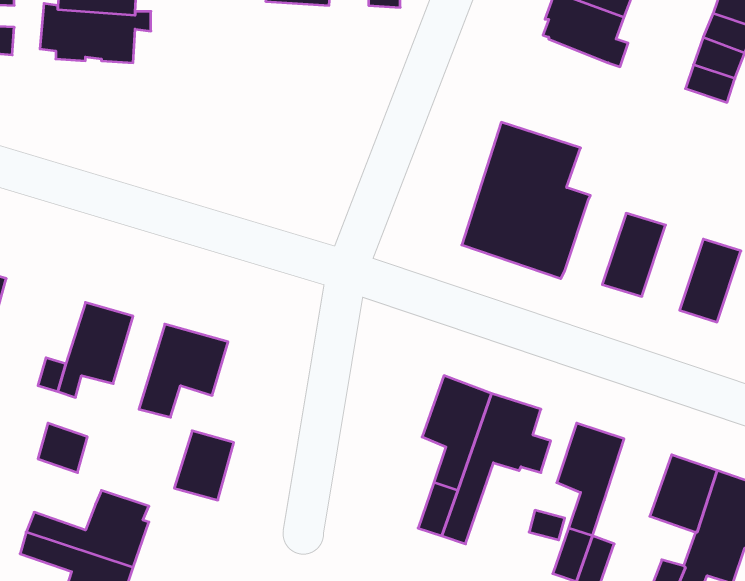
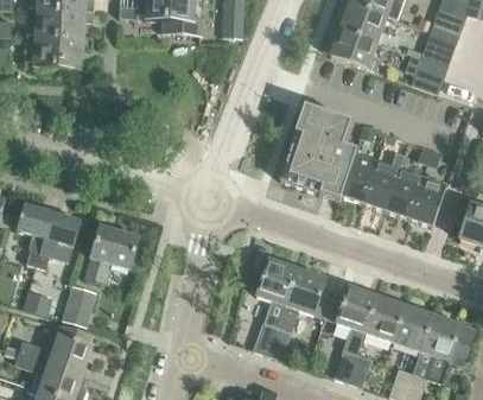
building: none -> [341,151,377,202]
building: none -> [387,166,424,217]
building: none -> [18,204,53,237]
building: [174,431,234,500] -> [62,284,97,325]
building: none -> [364,294,405,341]

